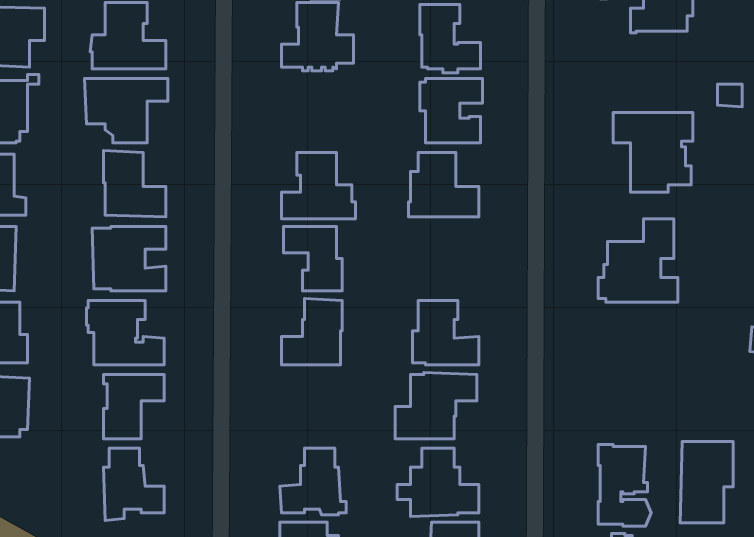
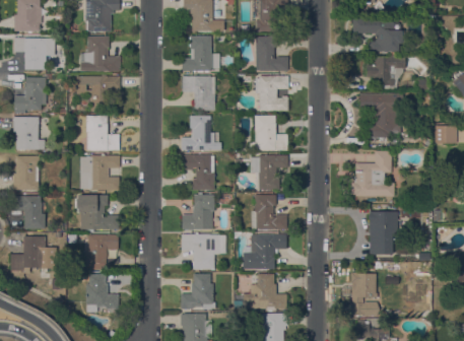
building: none -> [367,52,405,91]
building: none -> [183,75,215,111]
building: none -> [248,155,288,190]
building: none -> [182,234,226,269]
building: [680,441,733,523] -> [370,211,398,255]

